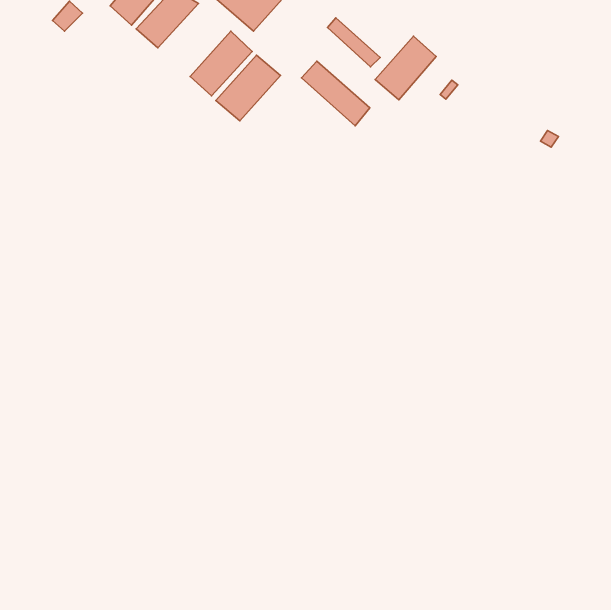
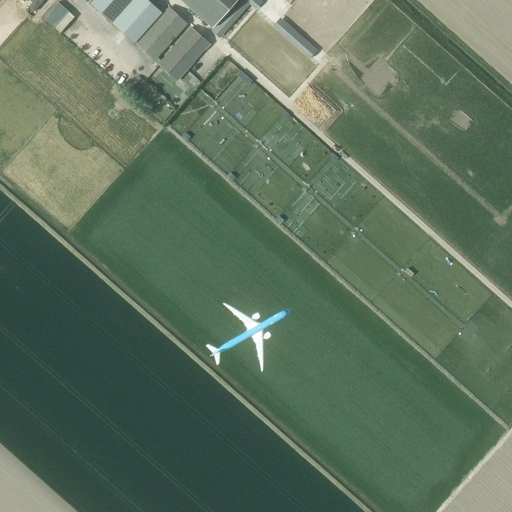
building: [375,36,436,100] -> none
building: [216,55,280,121] -> [135,5,189,60]
building: [302,61,370,126] -> none

